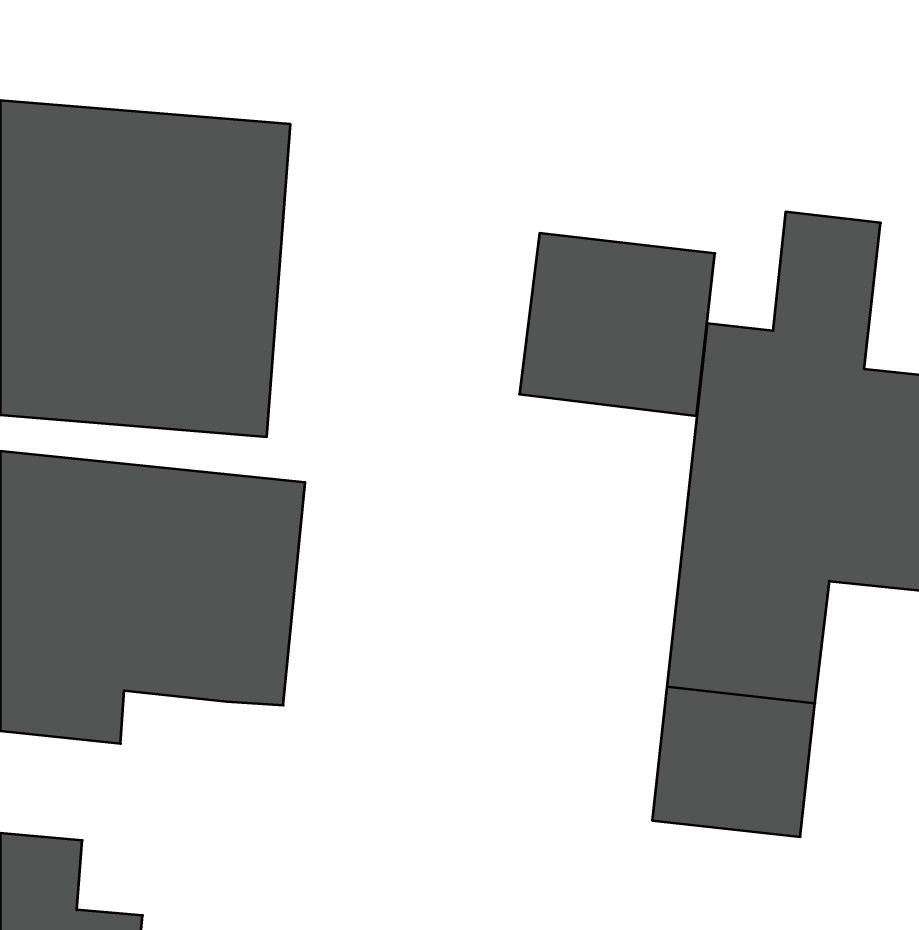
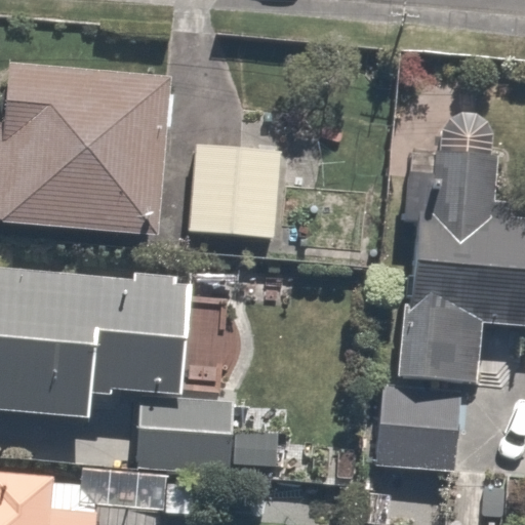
building: [519,233,715,416] -> [183,140,292,243]
building: none -> [128,396,276,480]

